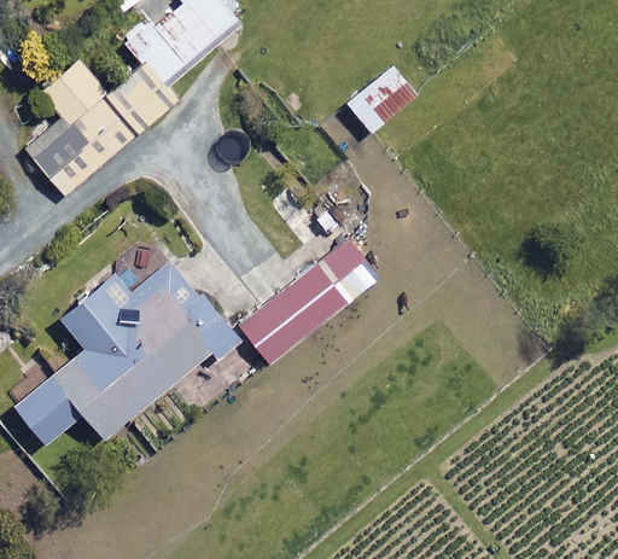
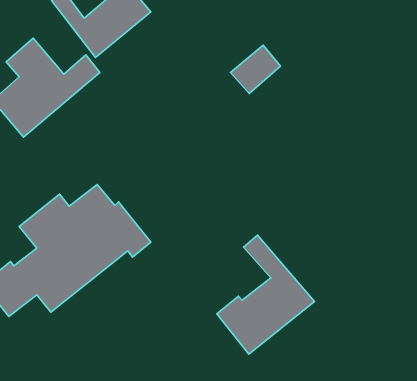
building: [241,243,381,368] -> none
building: none -> [217,235,315,354]

